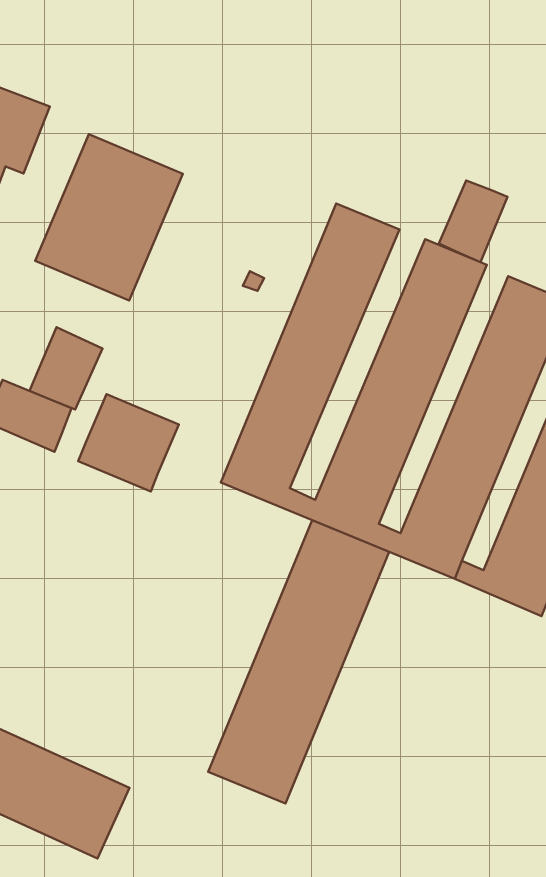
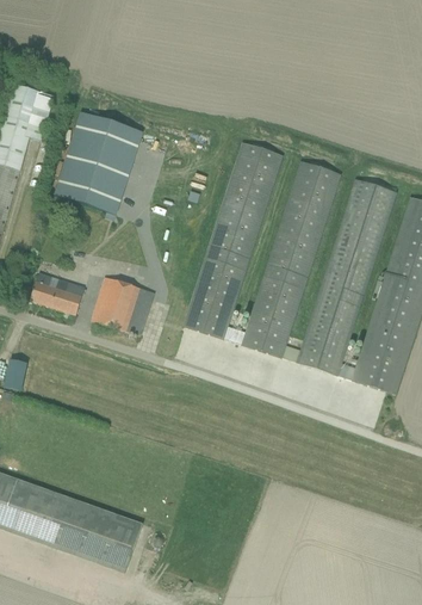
building: [439,180,507,262] -> none
building: [30,327,103,410] -> none
building: [208,520,389,803] -> none

